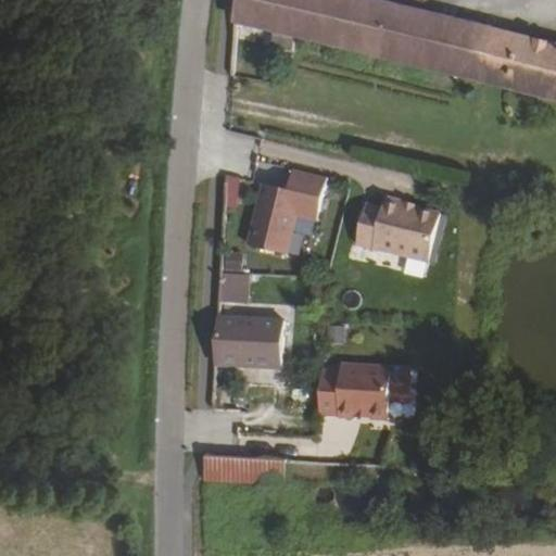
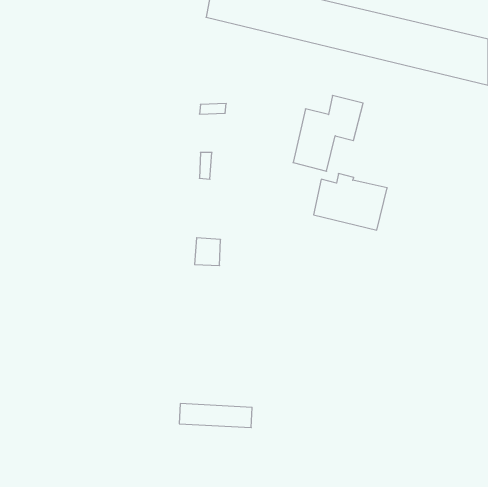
building: [247,167,326,253] -> [293,95,363,171]
building: [213,314,285,367] -> none
building: [318,363,406,418] -> none

